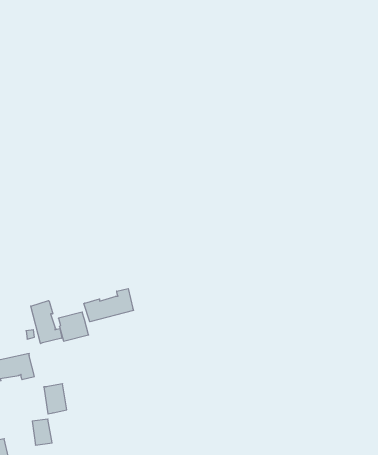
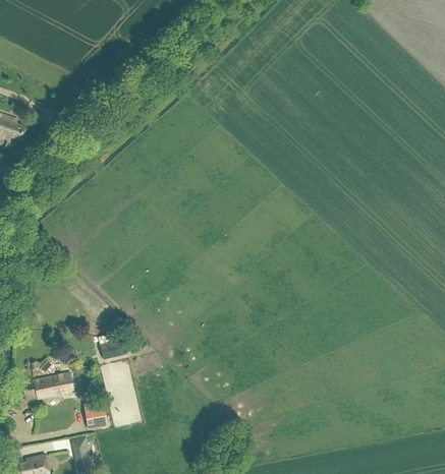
building: [84,289,134,322] -> none
building: [31,301,62,344] -> none

